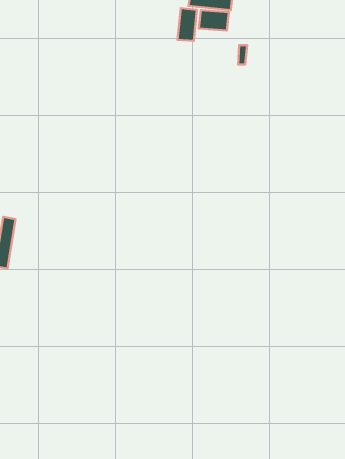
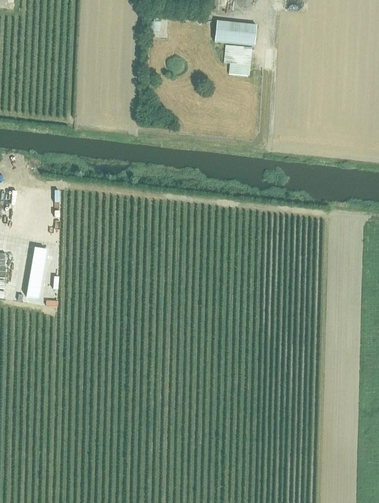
building: [178,8,197,41] -> none

